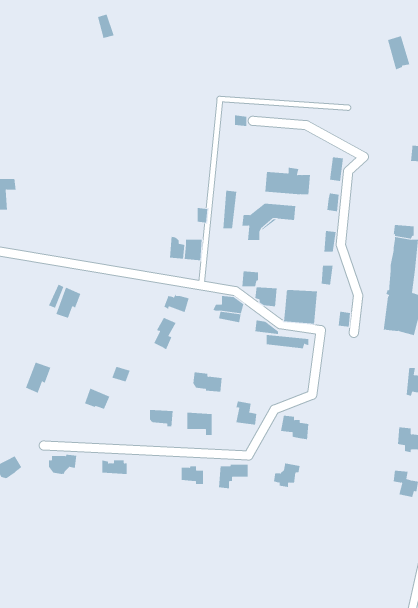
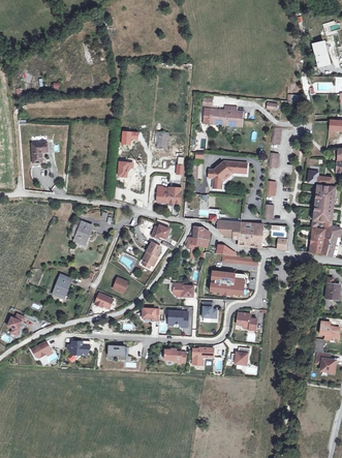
building: [265,167,311,195] -> [209,105,242,125]
building: none -> [210,272,243,294]

